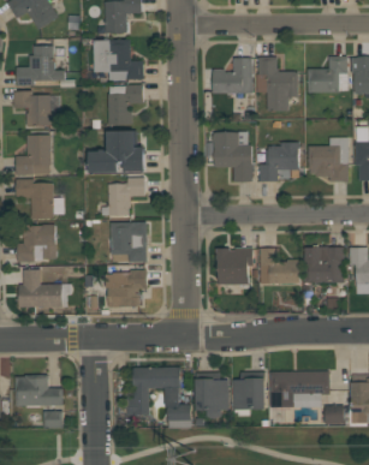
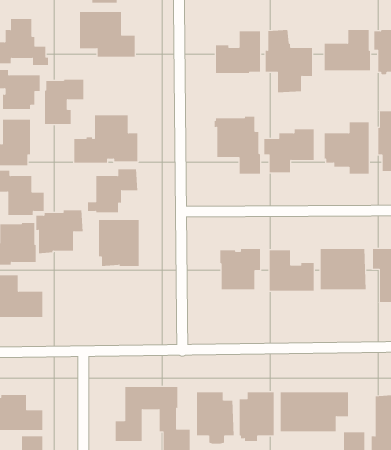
building: [108,85,143,125] -> [44,79,84,125]
building: [106,270,148,309] -> [35,210,84,254]

